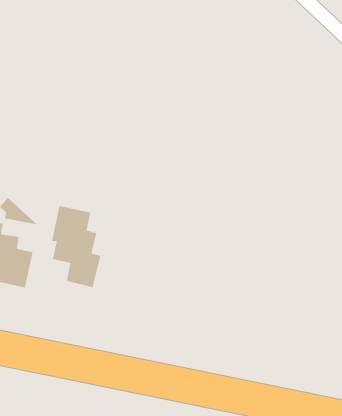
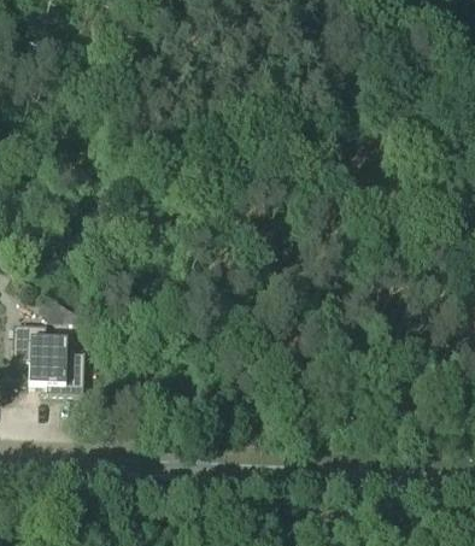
building: [51,205,101,288] -> none

